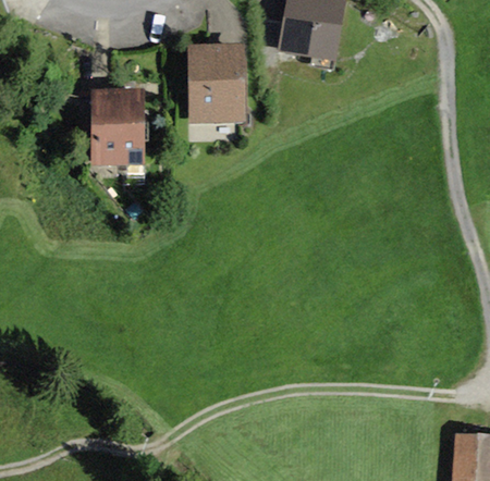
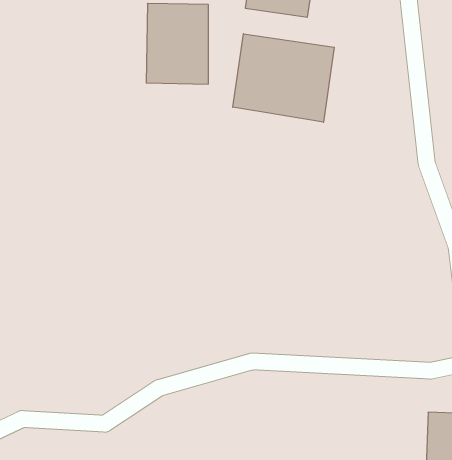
building: none -> [233,34,334,122]
building: [90,90,145,163] -> none

